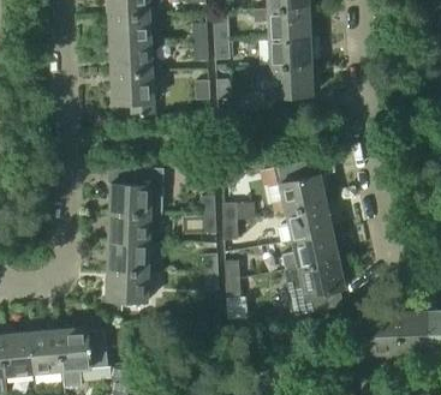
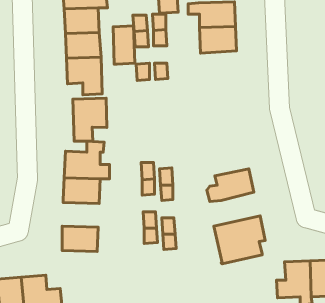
building: none -> [113,26,135,64]
building: [262,65,312,112] -> none
building: none -> [73,98,107,141]
building: [262,162,326,214] -> none
building: [280,231,339,270] -> none
building: [107,243,150,271] -> none

